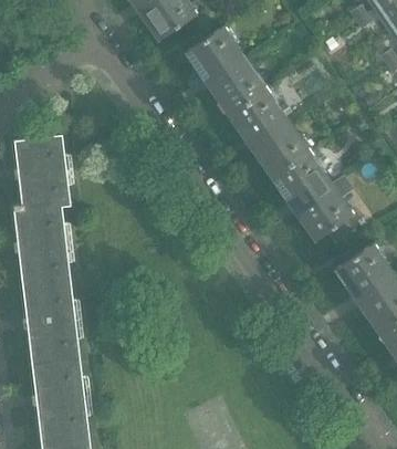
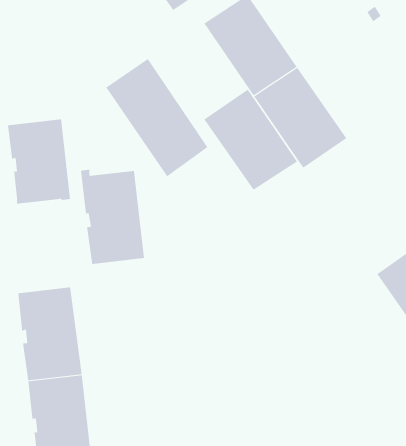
building: none -> [105,58,208,177]
building: [271,152,353,240] -> [204,89,298,191]
building: [13,203,70,286] -> [80,169,145,265]

